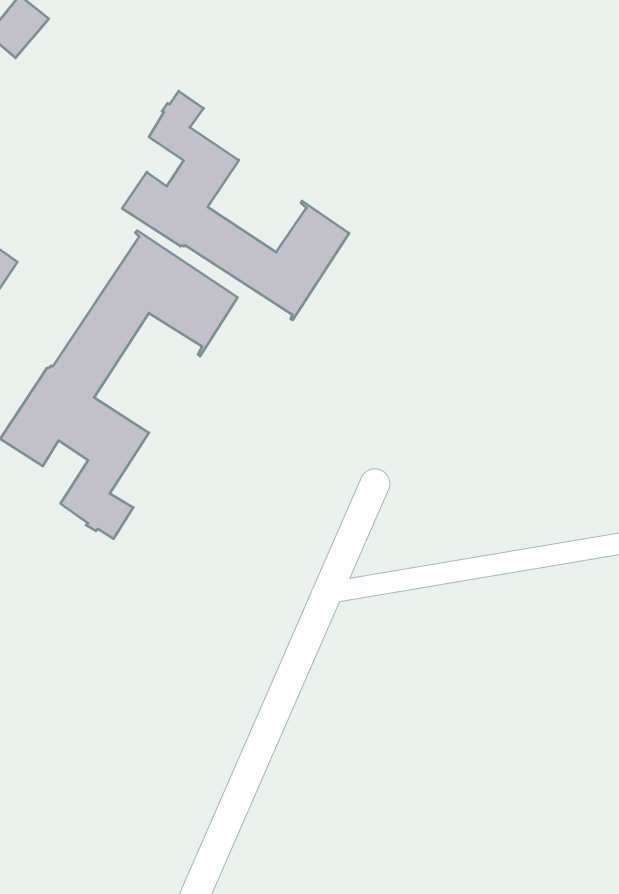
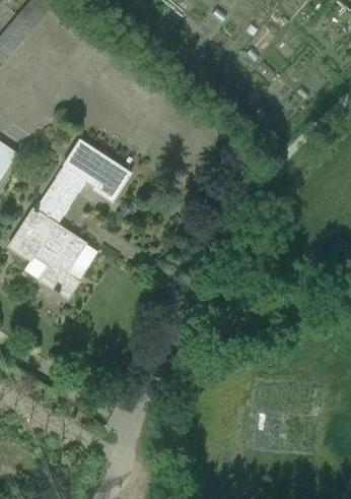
building: [122,91,349,320] -> none

